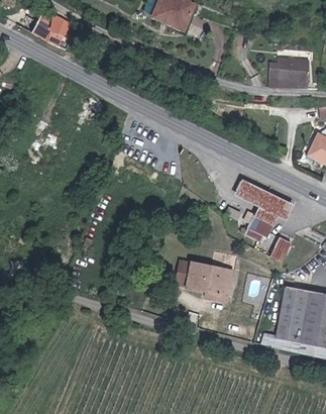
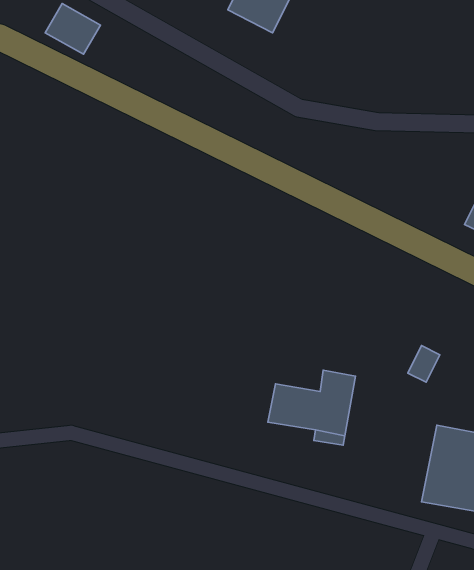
building: [267,58,307,85] -> none
building: [233,180,292,240] -> none

